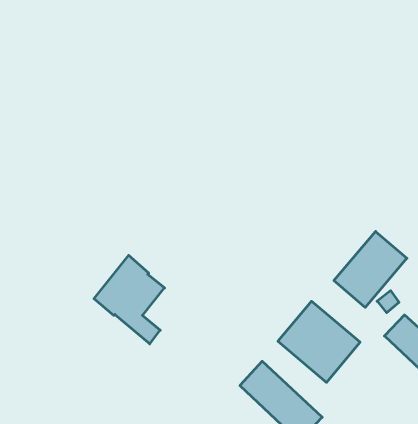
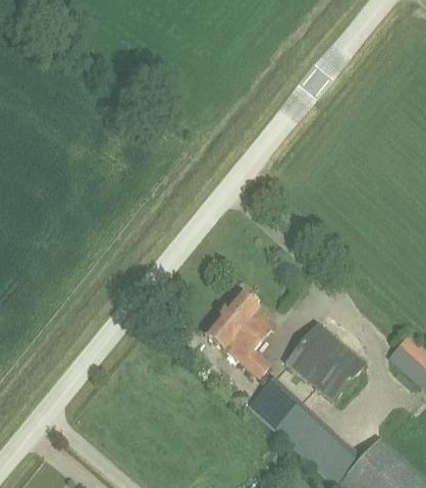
building: [334,231,407,307] -> none
building: [94,255,165,344] -> [206,291,274,377]

